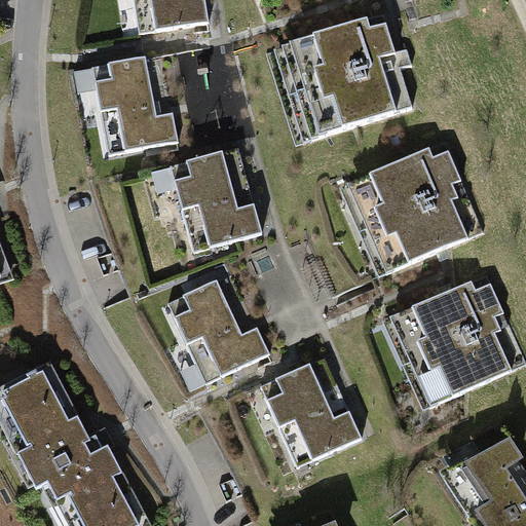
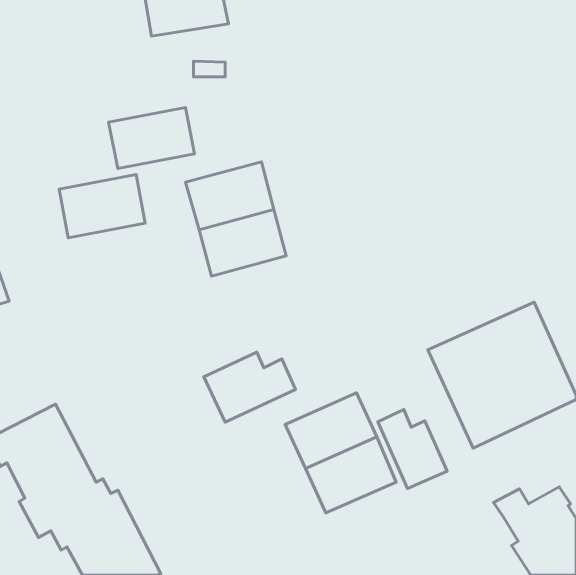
building: [280,13,411,139] -> none
building: [90,53,168,111] -> [59,174,145,238]
building: [345,142,481,272] -> none
building: [166,272,256,342] -> none
building: none -> [378,410,447,489]

